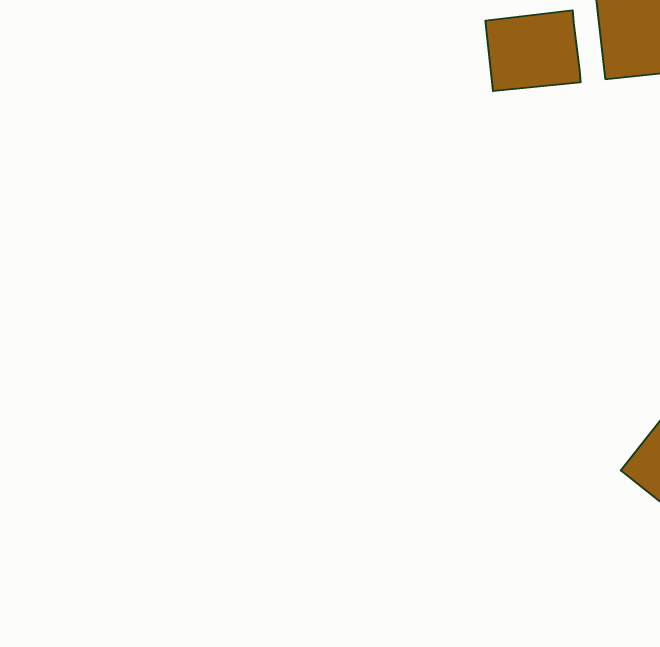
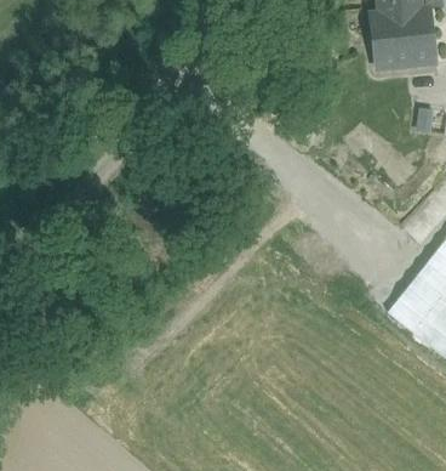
building: [486,10,580,91] -> none

